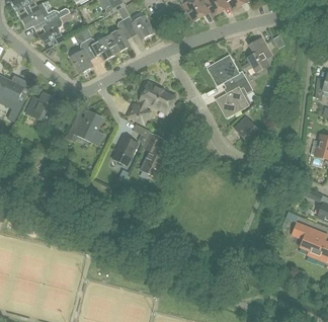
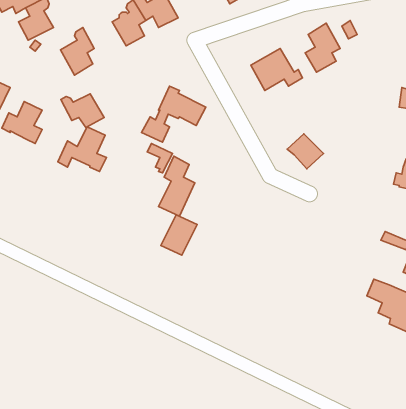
building: [85,35,116,60] -> [61,94,104,127]
building: [216,76,252,116] -> none
building: [111,136,138,165] -> [161,215,197,255]

